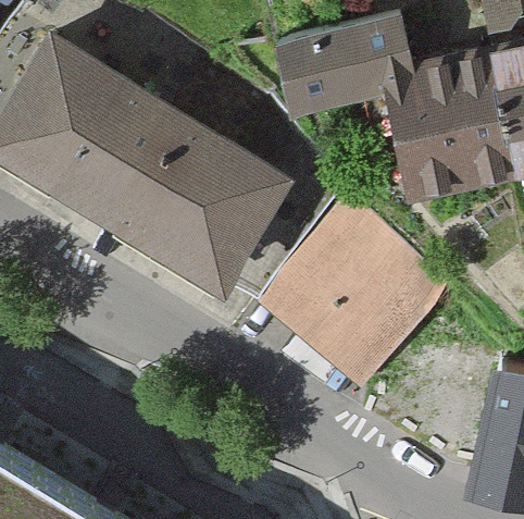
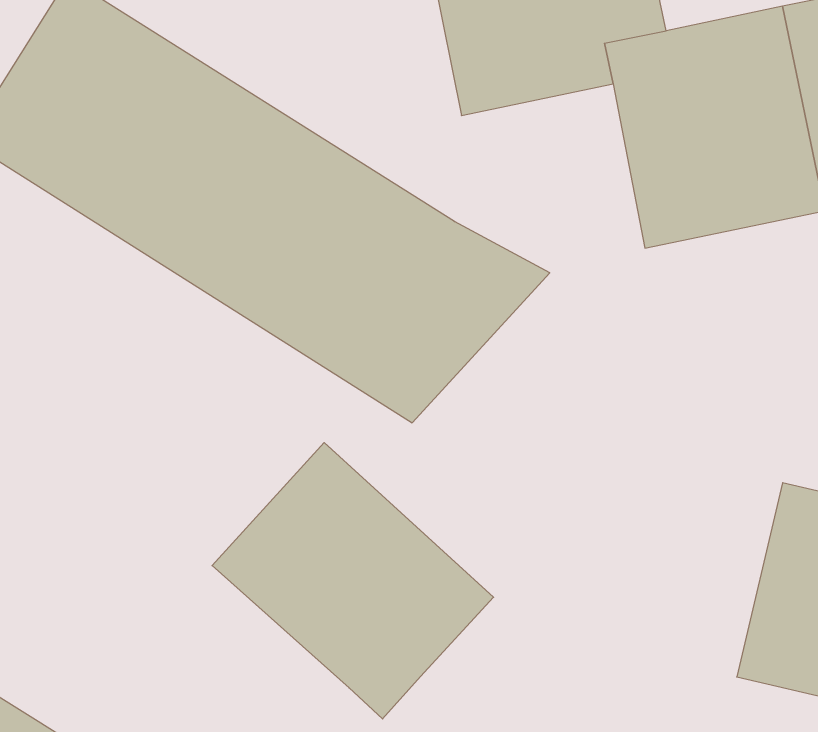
building: [262,217,444,397] -> none
building: none -> [212,443,494,719]

